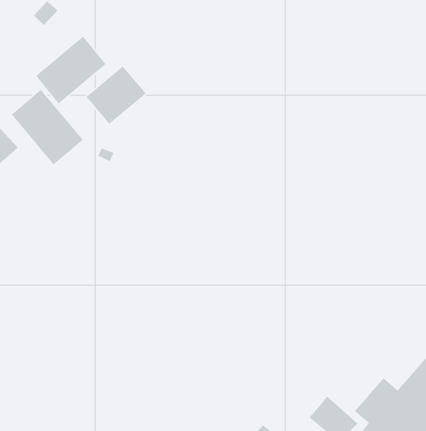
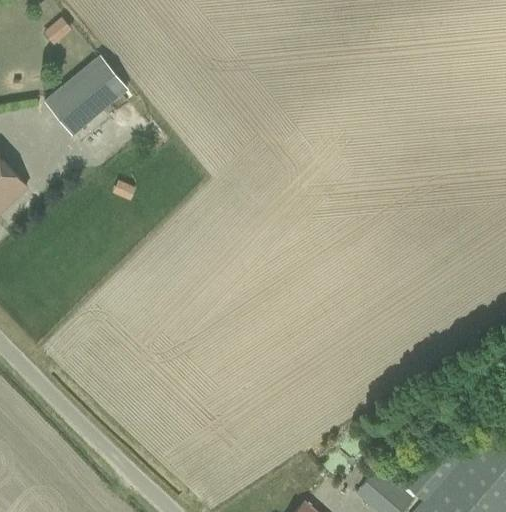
building: [85,66,147,125] -> none
building: [11,89,84,166] -> none

